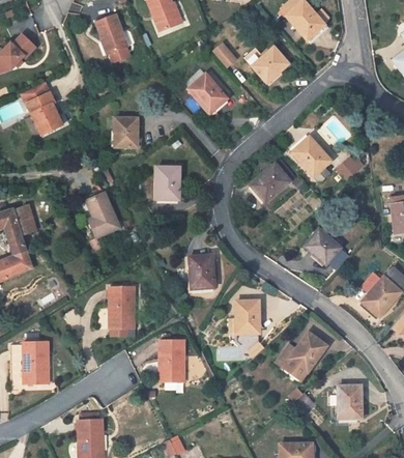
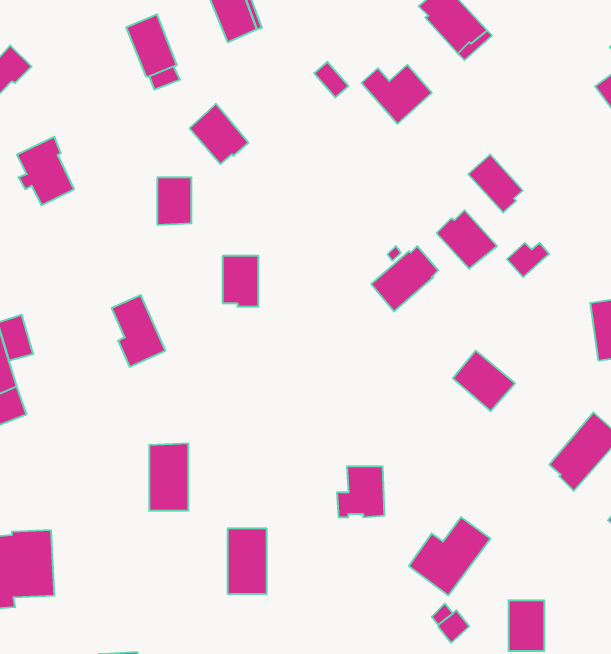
building: [189,74,226,112] -> [190,104,248,164]
building: none -> [468,154,523,213]
building: [189,255,214,287] -> none

